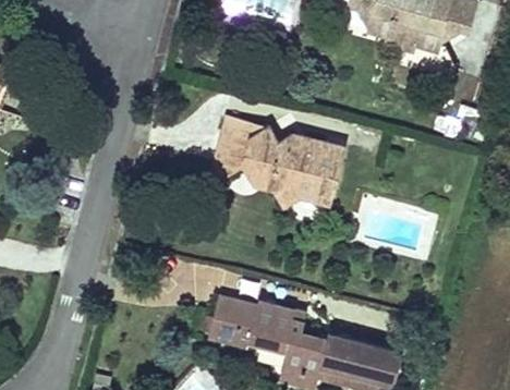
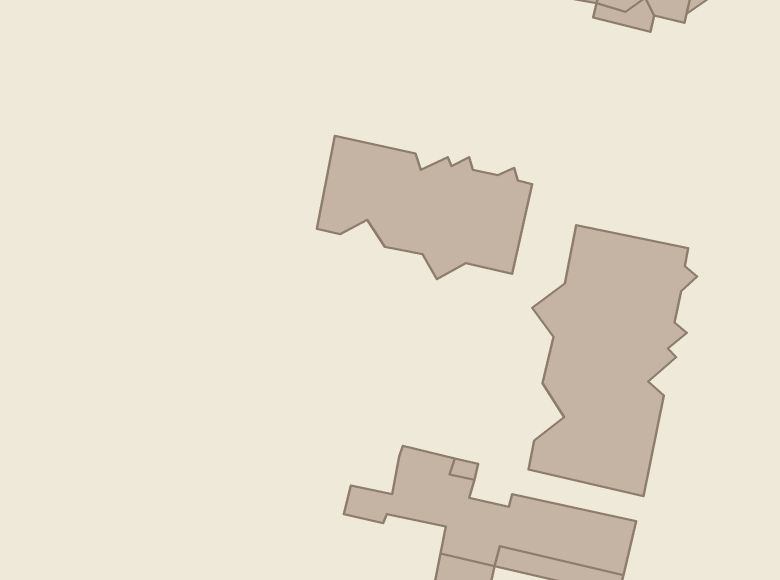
building: none -> [529,225,697,496]
building: [214,301,262,344] -> none

